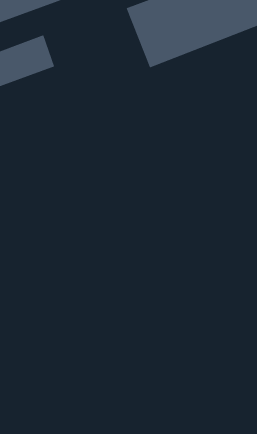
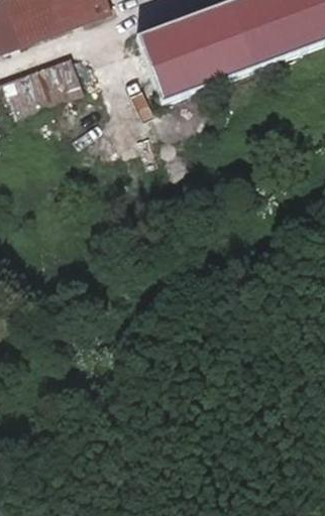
building: none -> [140,17,199,100]

